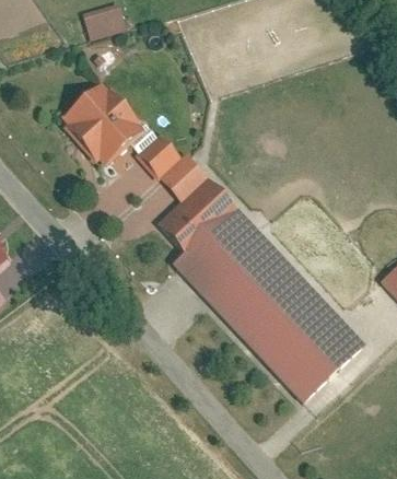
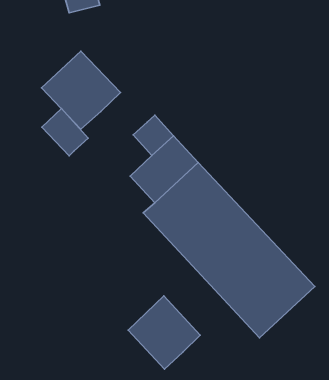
building: [127,128,178,180] -> [42,109,88,156]
building: none -> [128,296,200,369]

